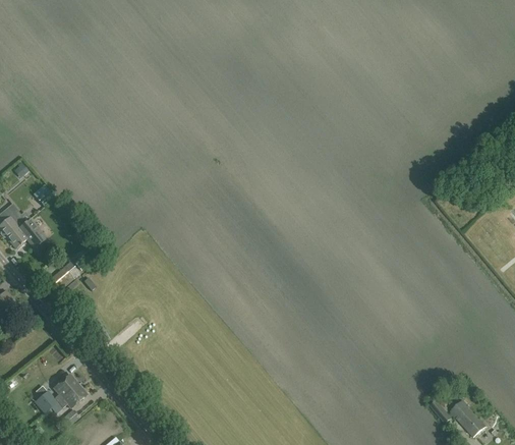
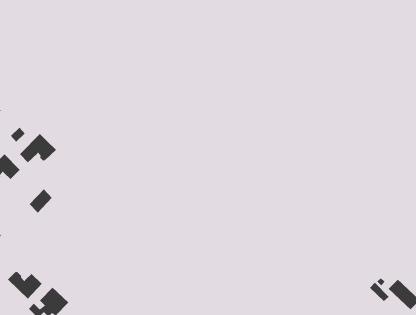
building: none -> [19,133,57,163]
building: none -> [7,271,42,300]

